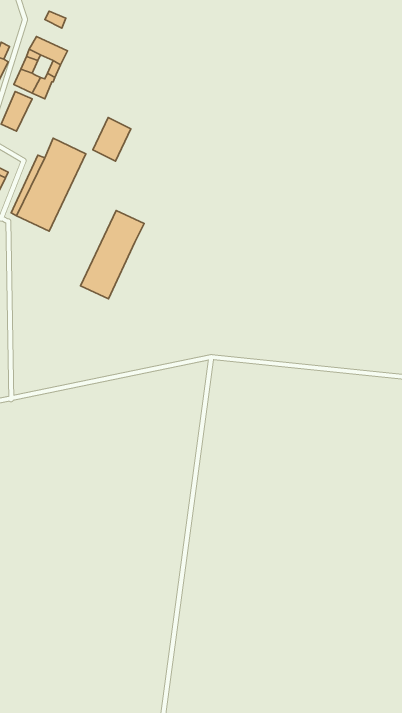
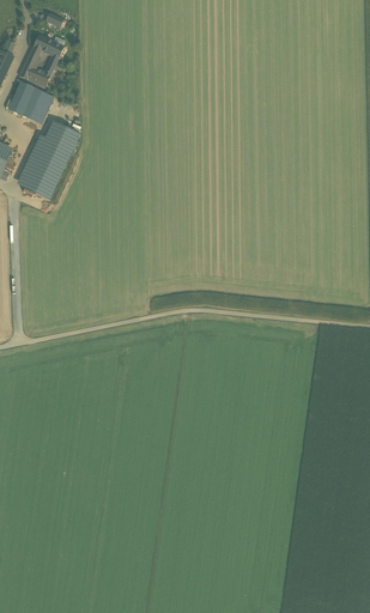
building: [93,117,131,161] -> [20,86,53,123]
building: [81,211,144,299] -> none

